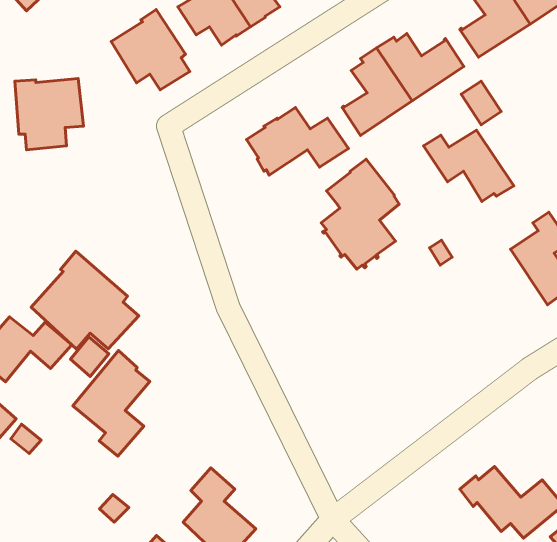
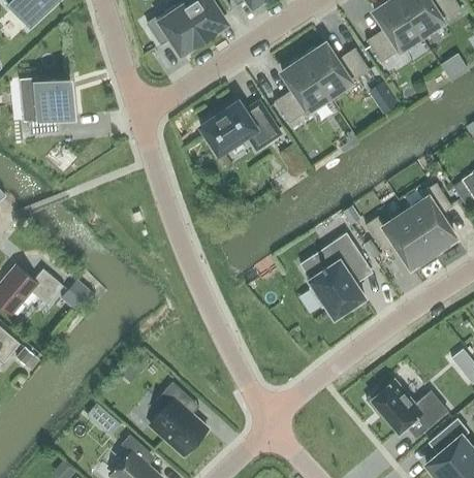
building: [111,9,190,90] -> none
building: [424,130,514,202] -> [365,212,435,267]
building: [321,159,399,269] -> [308,234,369,320]
building: [31,251,139,349] -> none
building: [73,350,150,456] -> none

